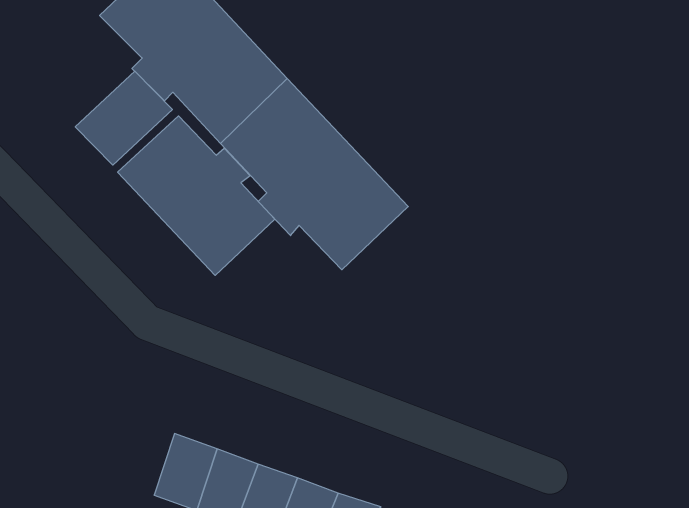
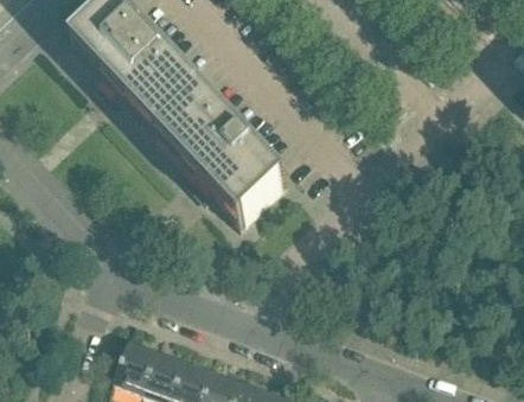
building: [75,71,172,165] -> none
building: [118,116,275,275] -> none

